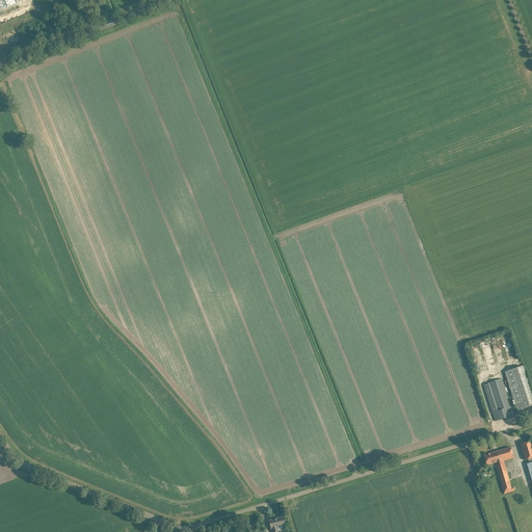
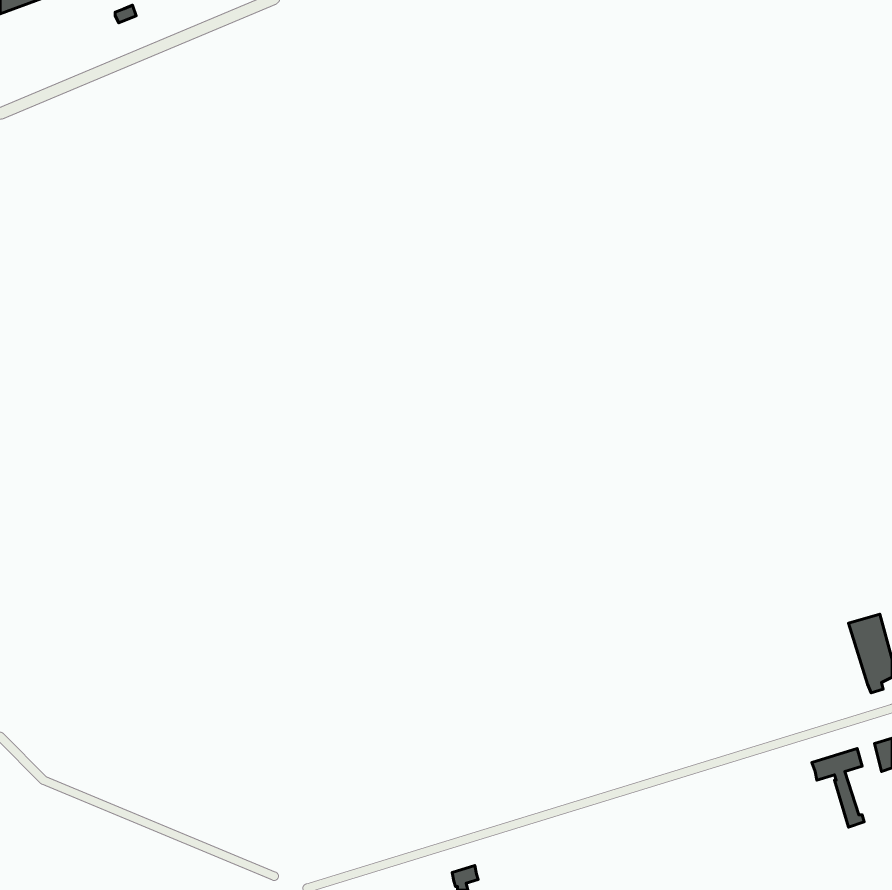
building: [483,378,513,420] -> none

